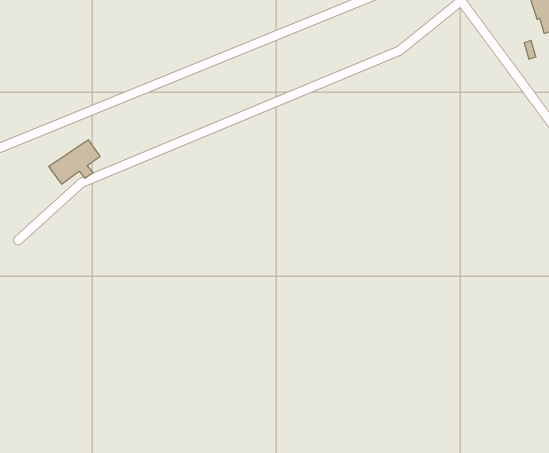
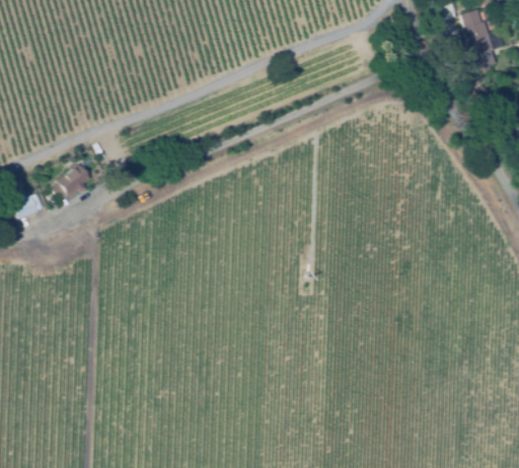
building: none -> [11,194,38,219]

